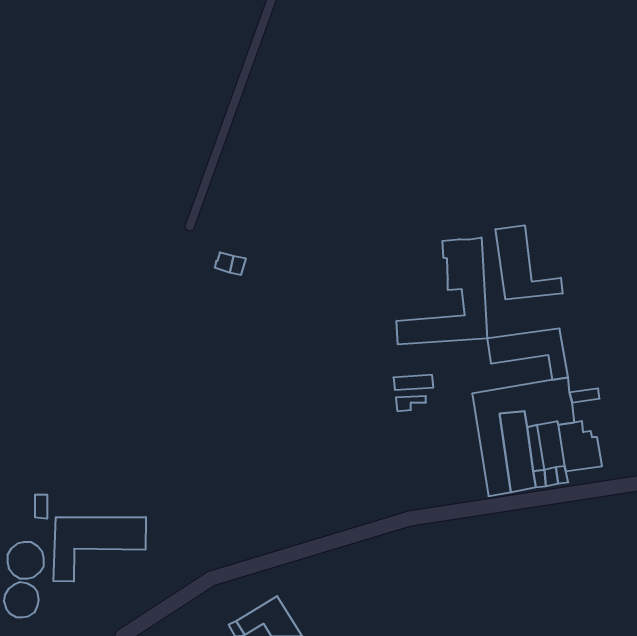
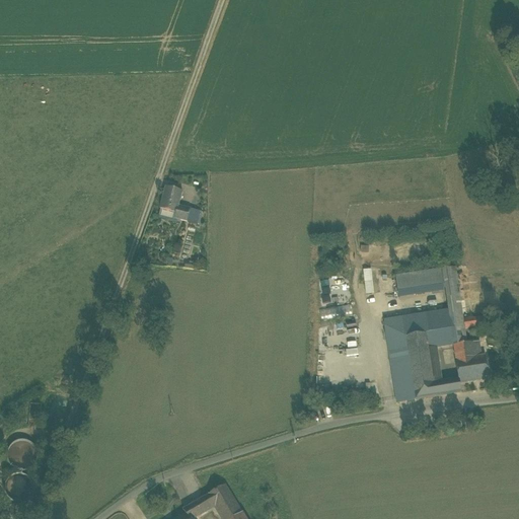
building: [496,225,563,299] -> none
building: none -> [159,187,181,212]
building: [397,237,487,344] -> none
building: [54,517,146,582] -> none

